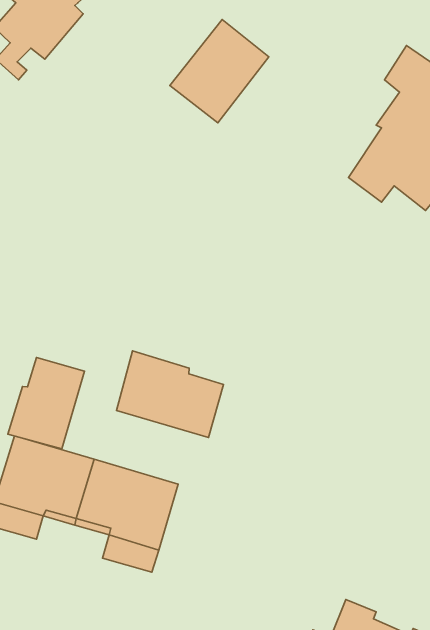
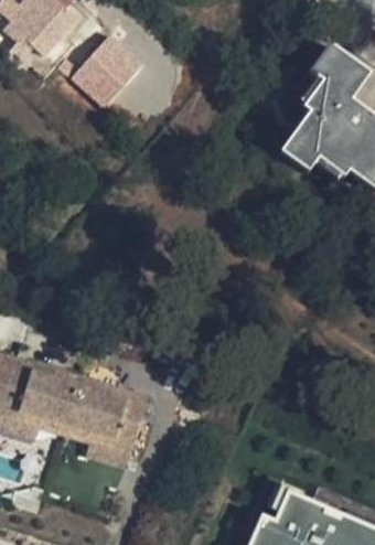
building: [170,20,269,123] -> [61,31,140,114]
building: [117,351,223,438] -> none
building: [8,358,84,449] -> none

